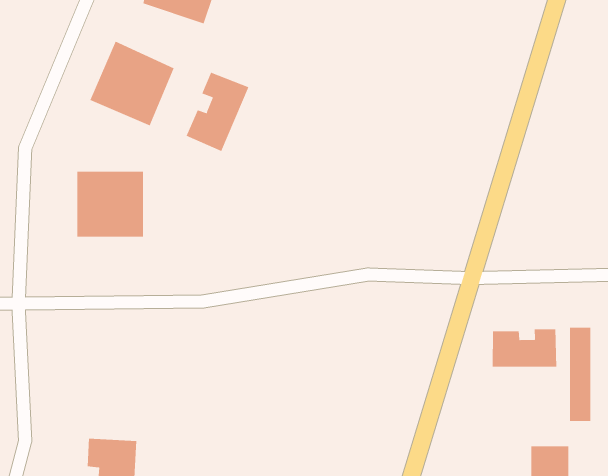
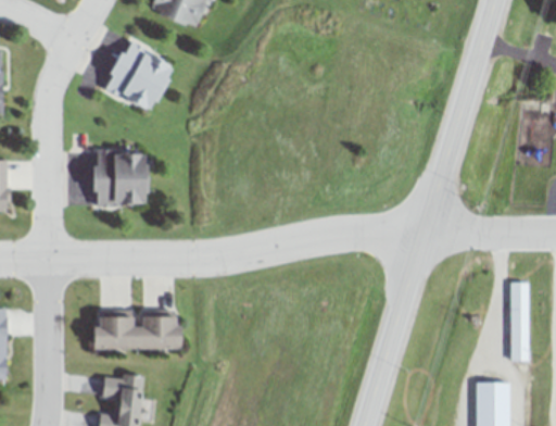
building: [186,72,249,152] -> none
building: [492,328,557,368] -> none
building: none -> [97,311,184,349]

